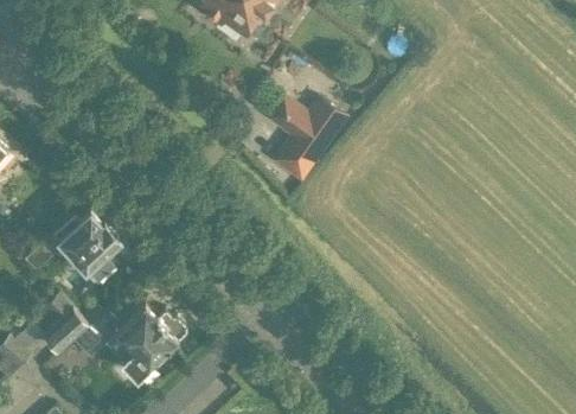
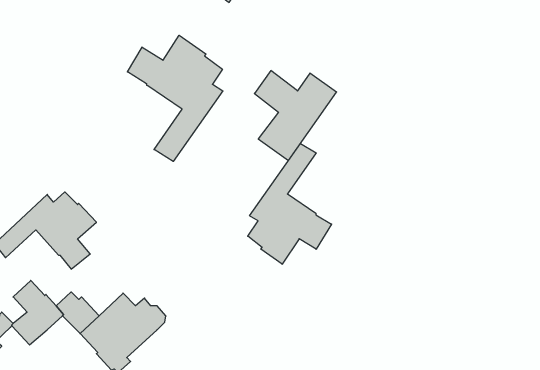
building: none -> [127,35,223,161]
building: none -> [248,143,332,264]

